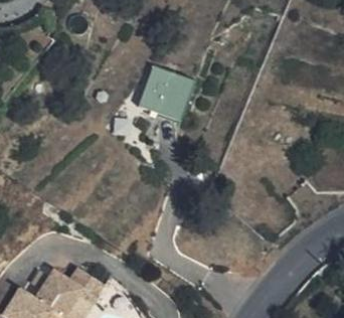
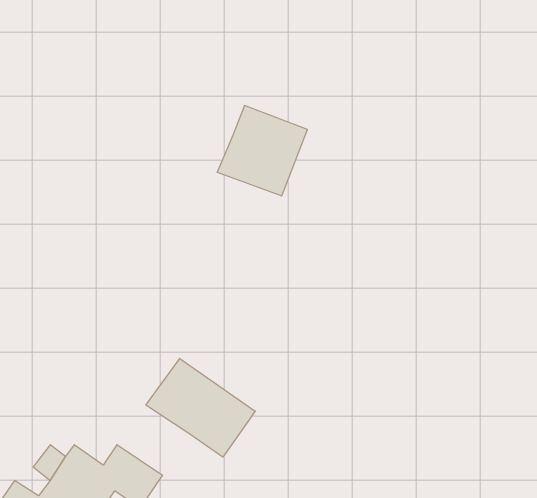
building: none -> [146,358,255,457]

